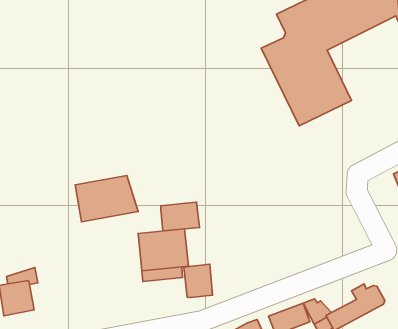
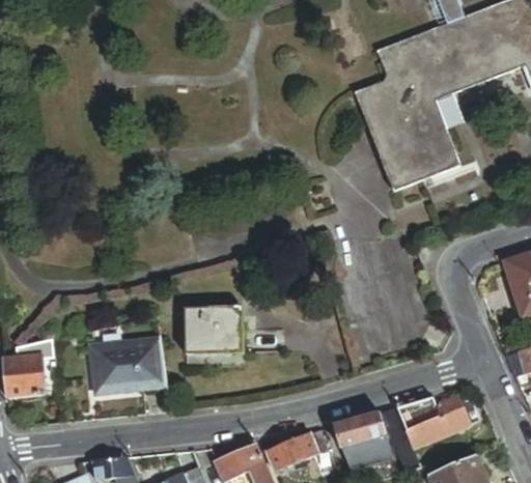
building: [75,176,138,222] -> [89,340,165,393]
building: [161,202,200,231] -> none
building: [184,264,213,297] -> none

